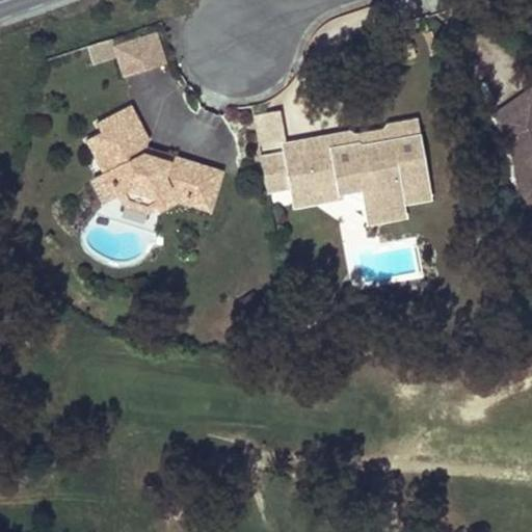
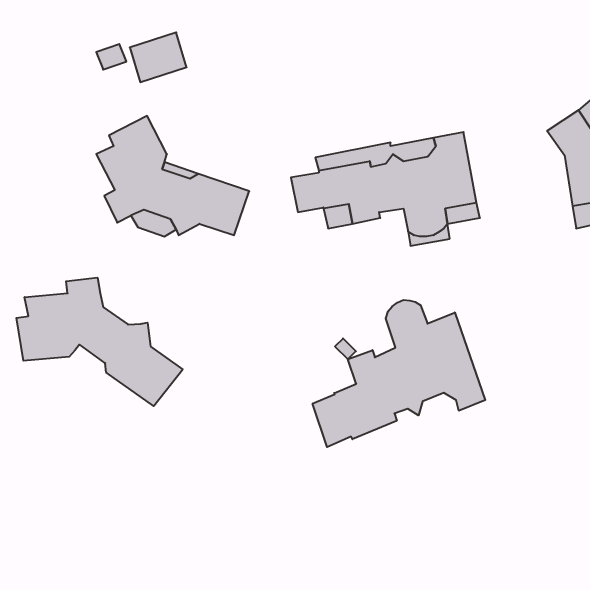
building: [255,110,288,161] -> none
building: none -> [16,278,183,406]
building: none -> [313,300,485,447]

